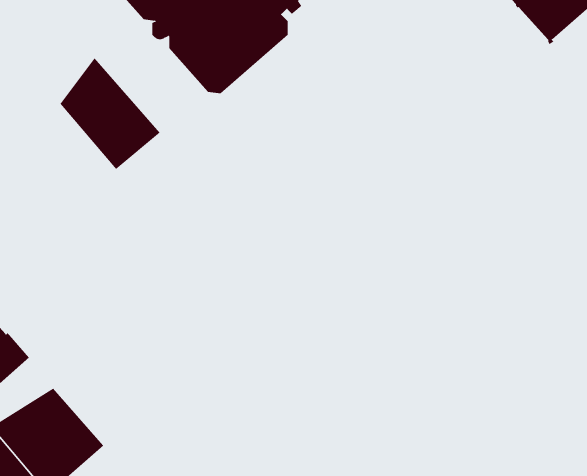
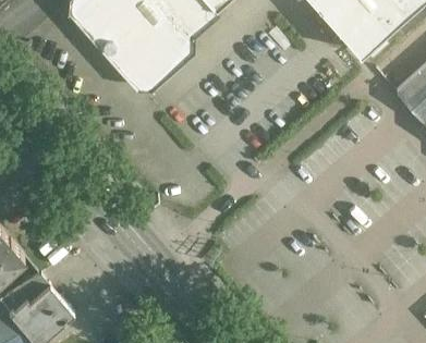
building: [60,57,160,170] -> none

